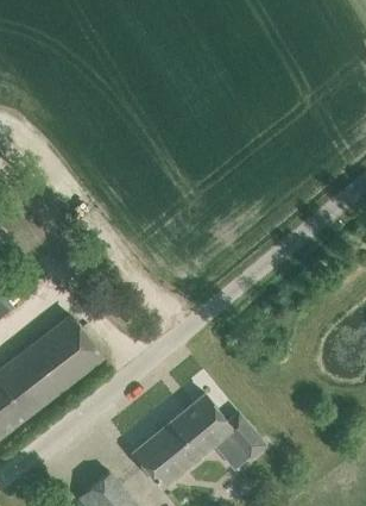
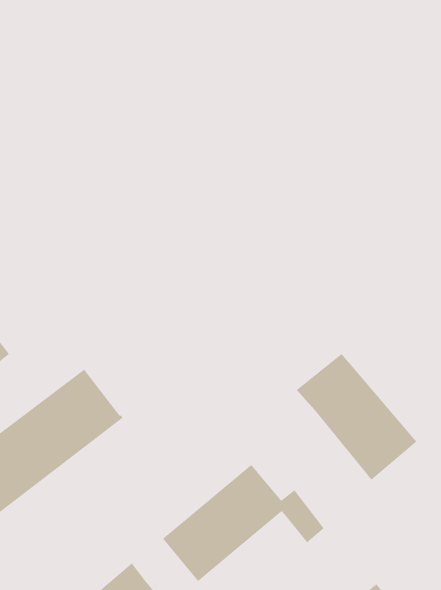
building: none -> [296,353,417,480]

